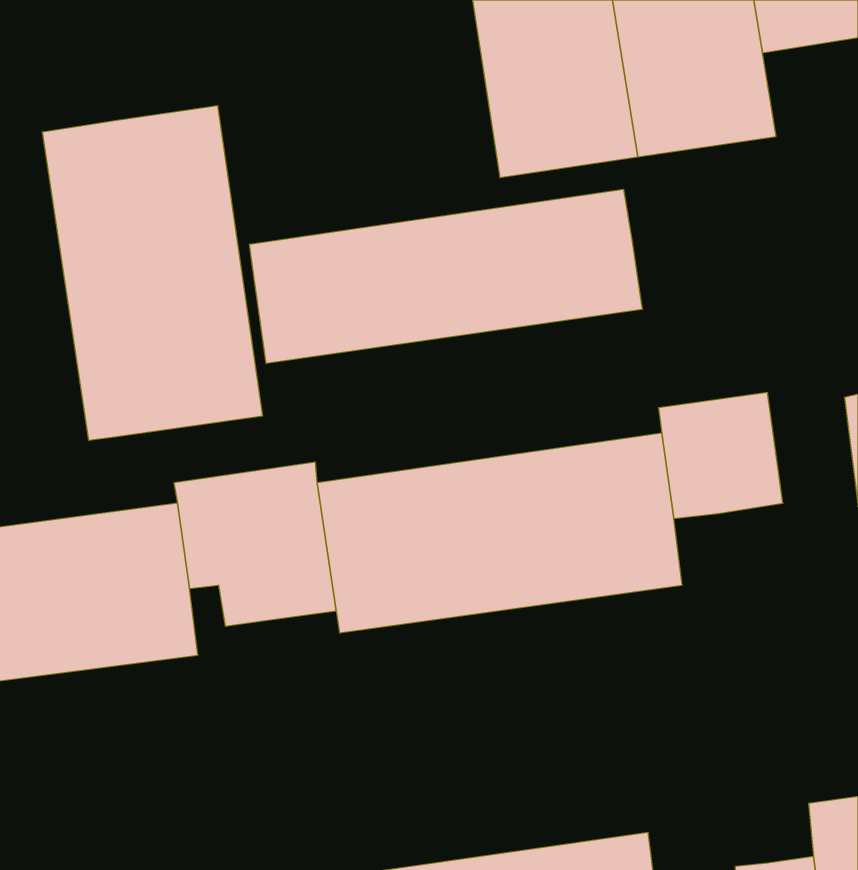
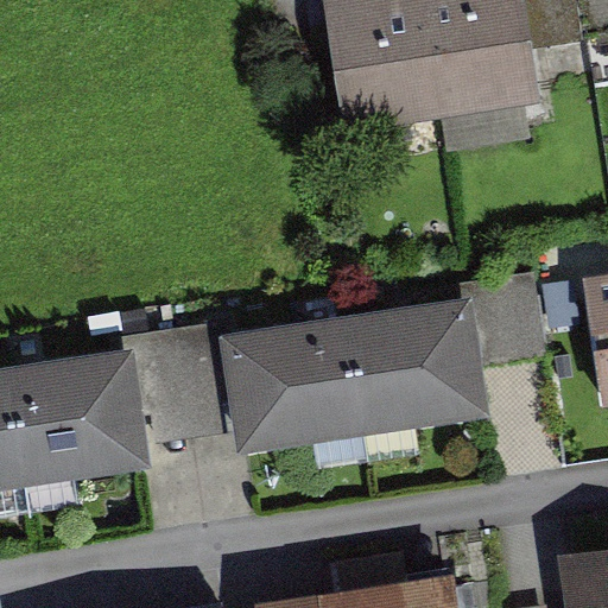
building: [43,105,262,441] -> none
building: [250,189,642,364] -> none

